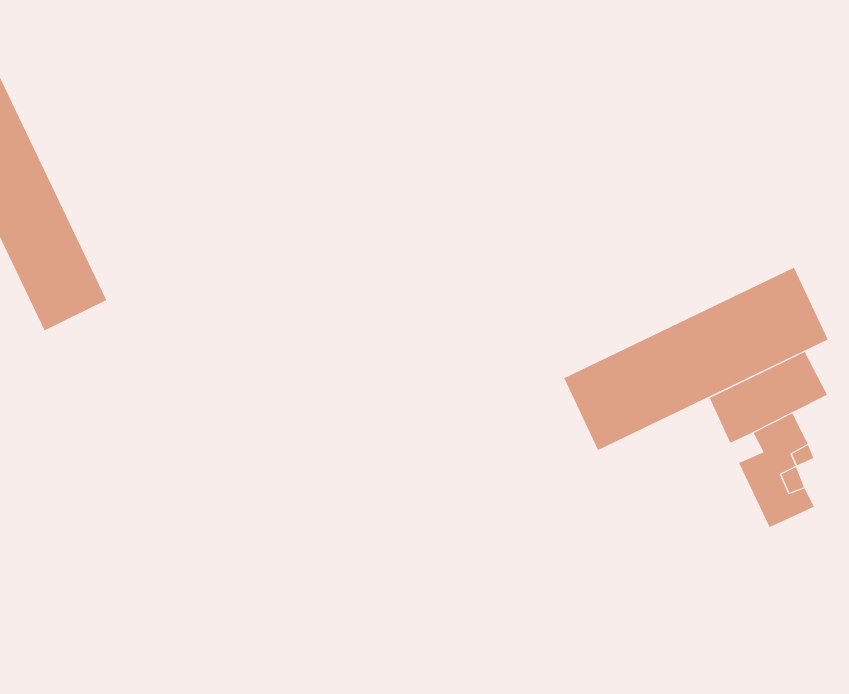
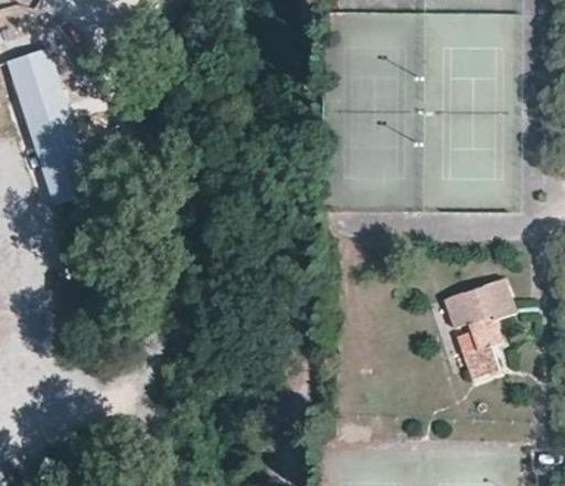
building: [563,267,829,451] -> none

